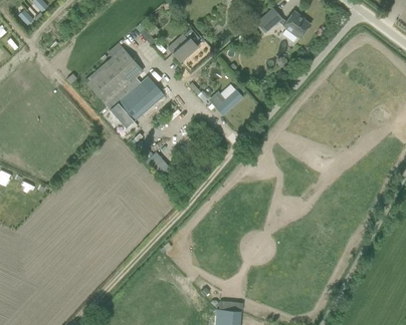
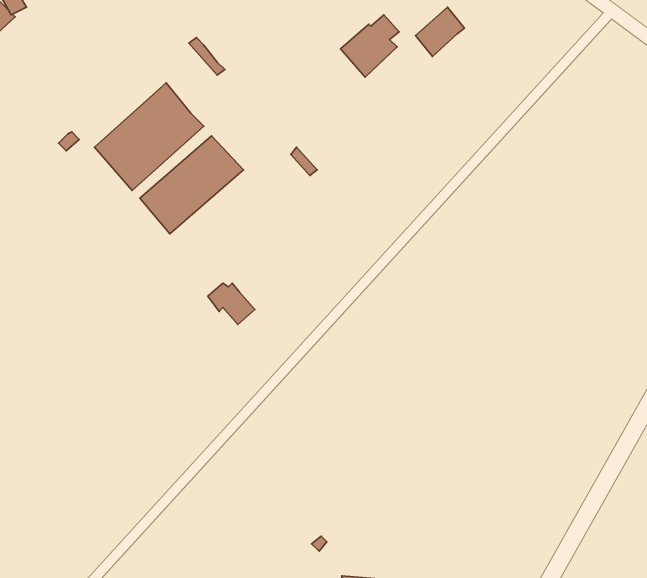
building: [281,10,310,38] -> none
building: [167,29,198,62] -> [341,15,399,77]
building: [210,88,242,114] -> none

